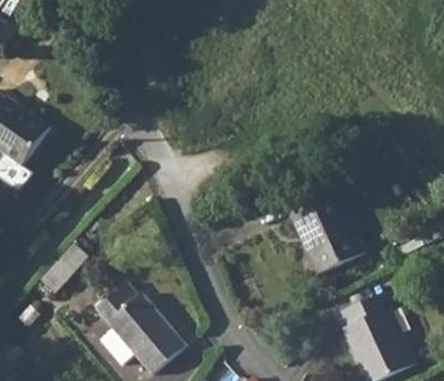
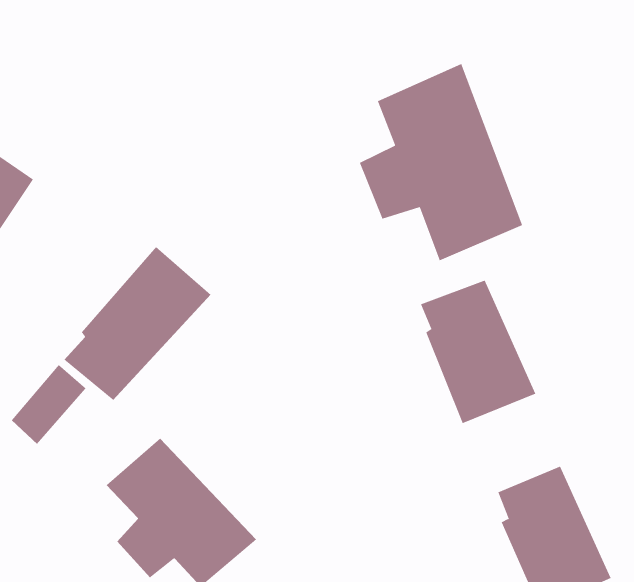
building: none -> [359,63,523,261]
building: none -> [64,246,212,401]

